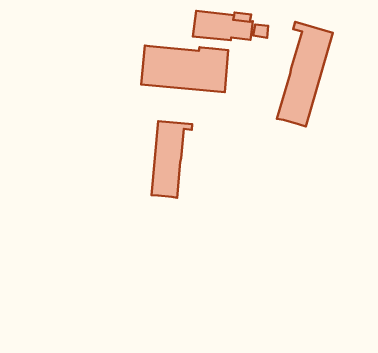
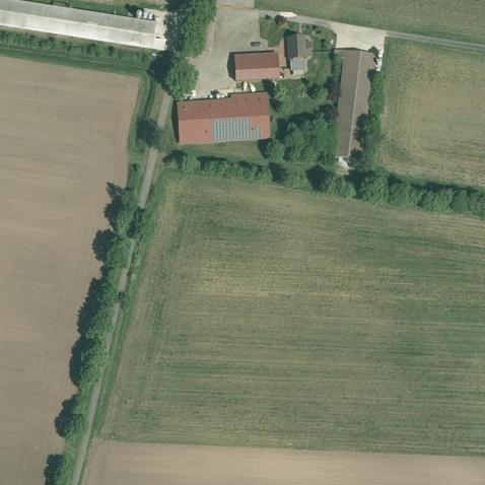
building: none -> [286,34,304,58]
building: [152,121,192,198] -> none

